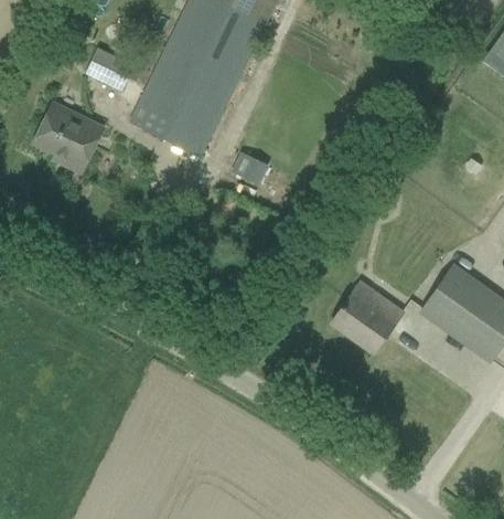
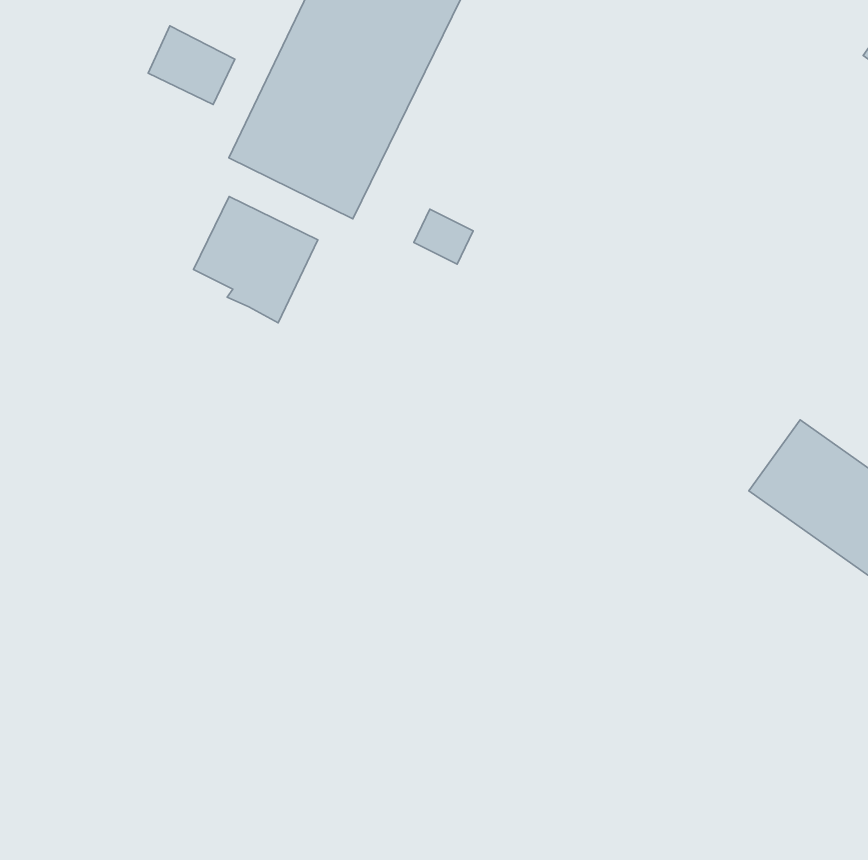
building: [34,102,104,172] -> [194,197,318,323]
building: [334,292,404,352] -> none

